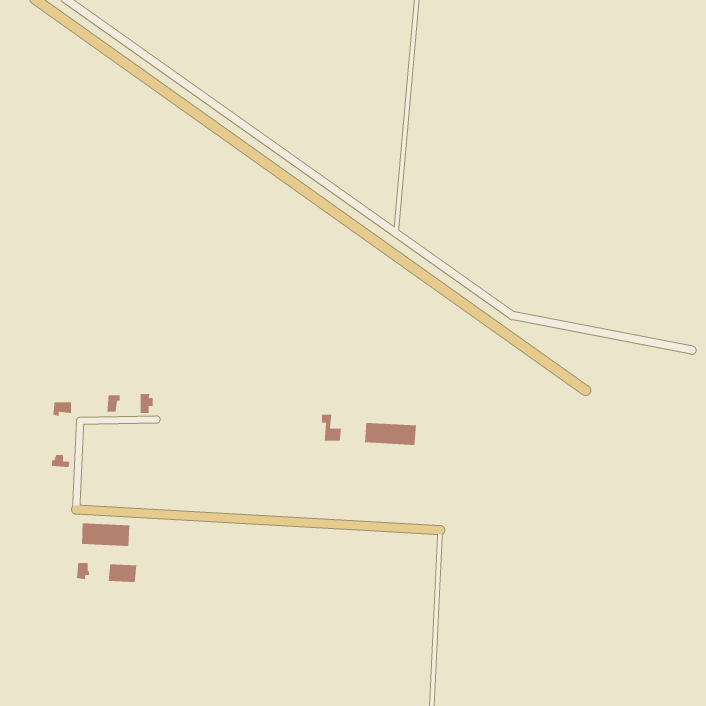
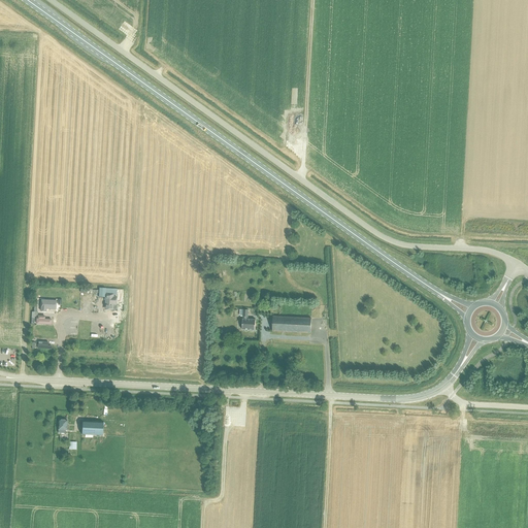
building: [81,523,130,547] -> none

